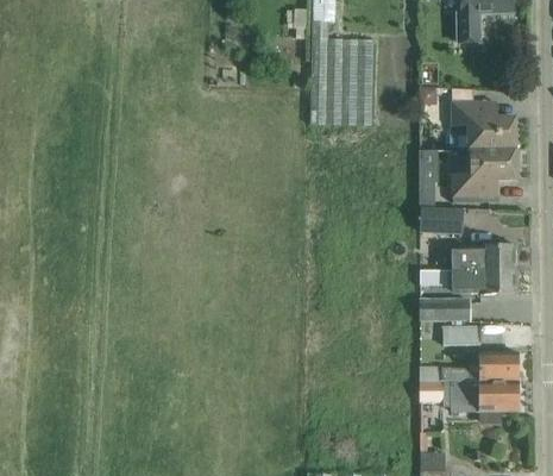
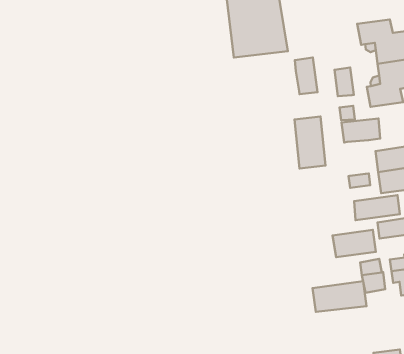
building: none -> [295,57,318,94]
building: none -> [294,116,326,168]
building: none -> [332,230,376,257]
building: none -> [313,281,366,312]

